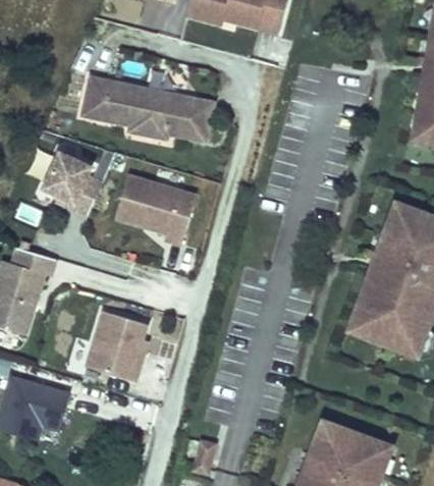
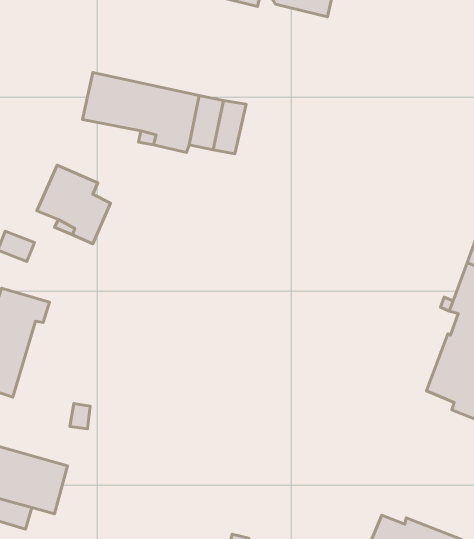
building: [111,175,193,245] -> none
building: [84,311,145,382] -> none

